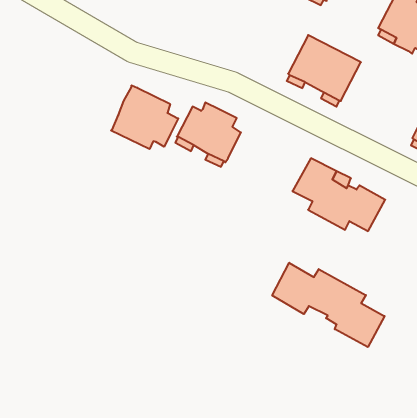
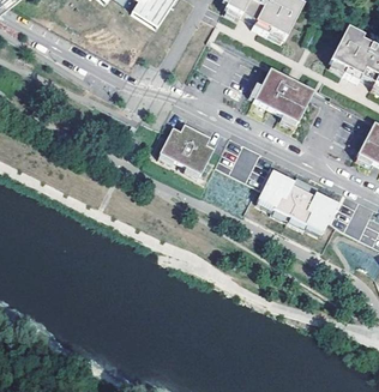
building: [111,85,178,149] -> none
building: [272,263,385,347] -> none

